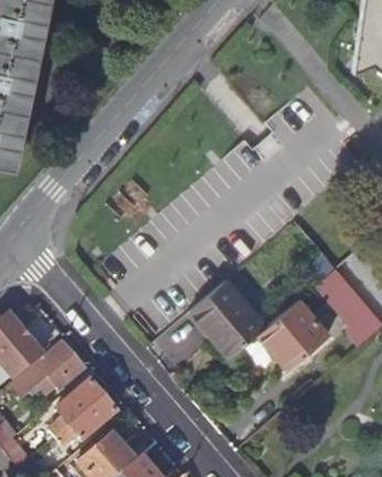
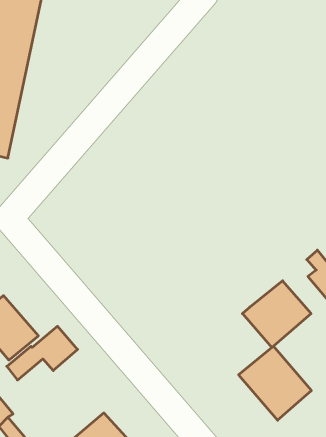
building: [190,280,266,356] -> [239,346,311,420]
building: [59,382,119,441] -> none

